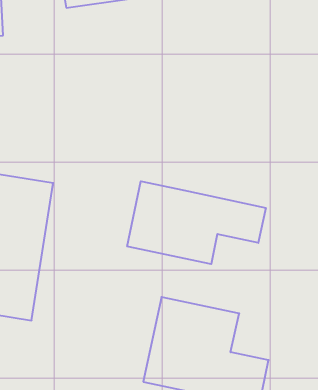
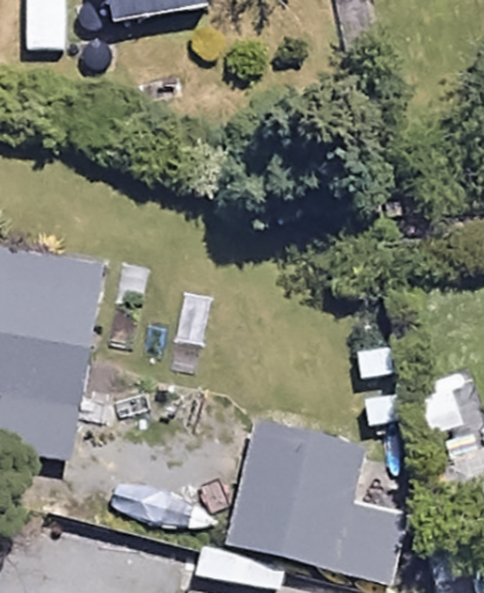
building: [127,181,266,264] -> none

